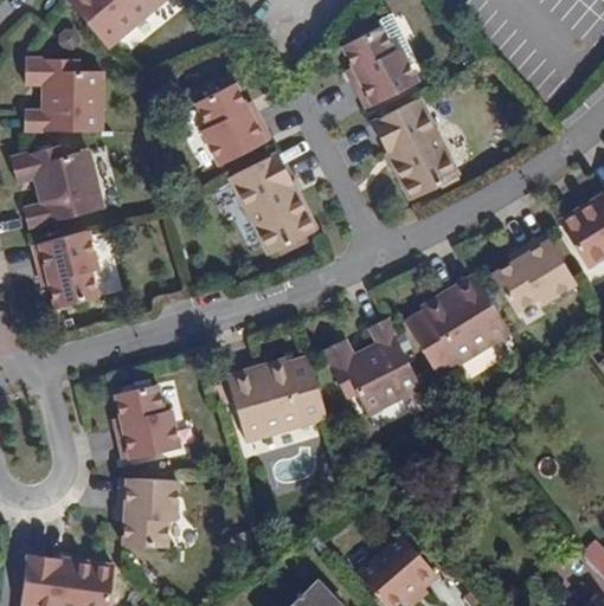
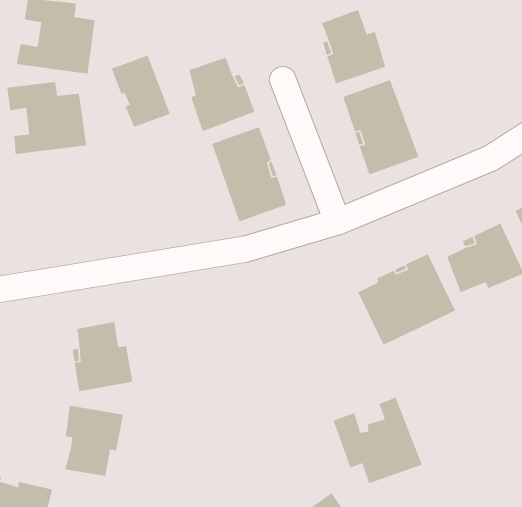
building: none -> [111,54,171,128]
building: [34,224,98,303] -> none
building: [325,317,424,412] -> [333,396,423,484]
building: [227,357,328,441] -> none

